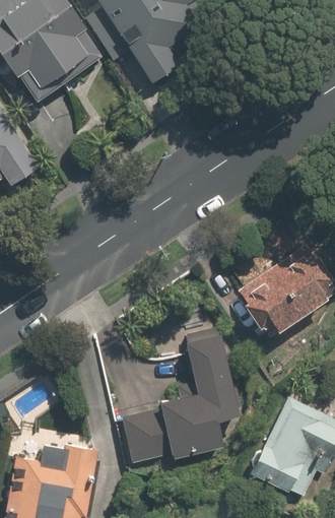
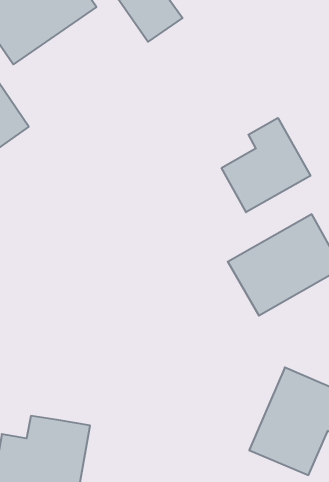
building: none -> [222,118,310,212]
building: [123,318,241,463] -> none

